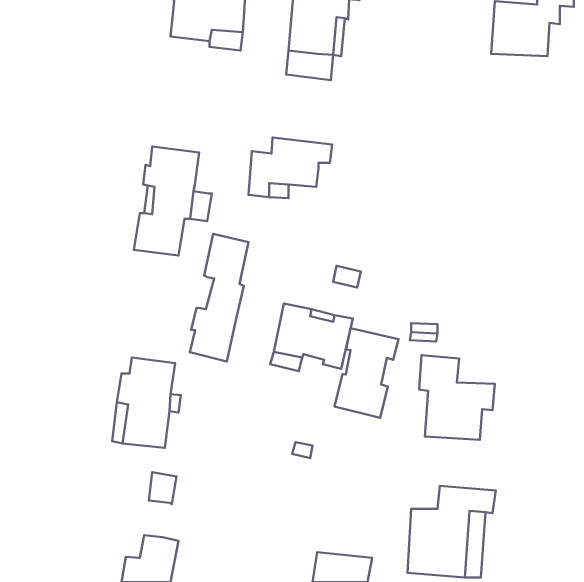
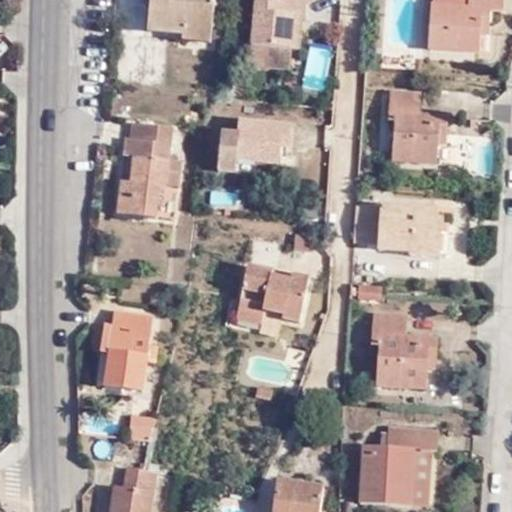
building: none -> [387,90,446,163]
building: none -> [348,201,437,253]
building: [190,234,248,361] -> none
building: [334,328,399,418] -> none

